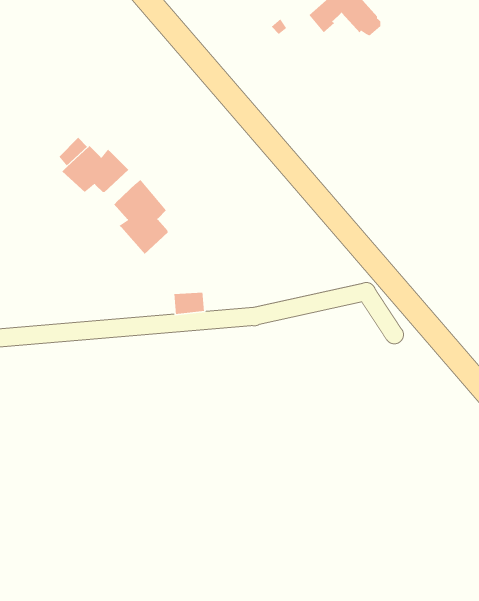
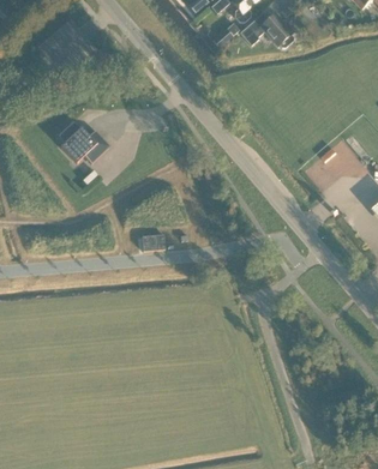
building: [113,179,168,255] -> none

